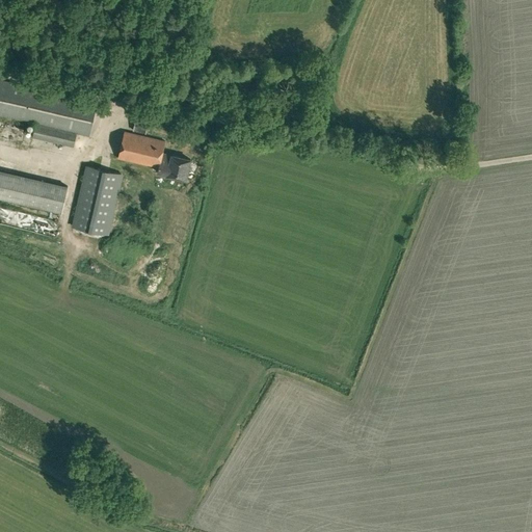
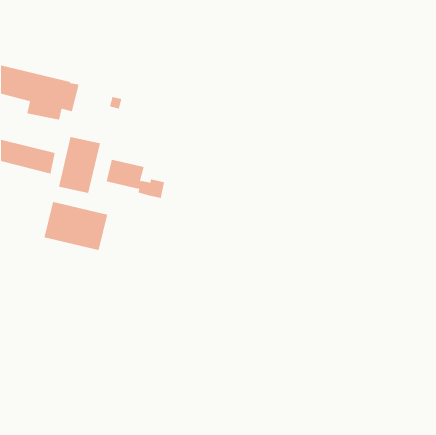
building: [118,132,190,180] -> [106,159,165,199]
building: none -> [44,201,108,251]

